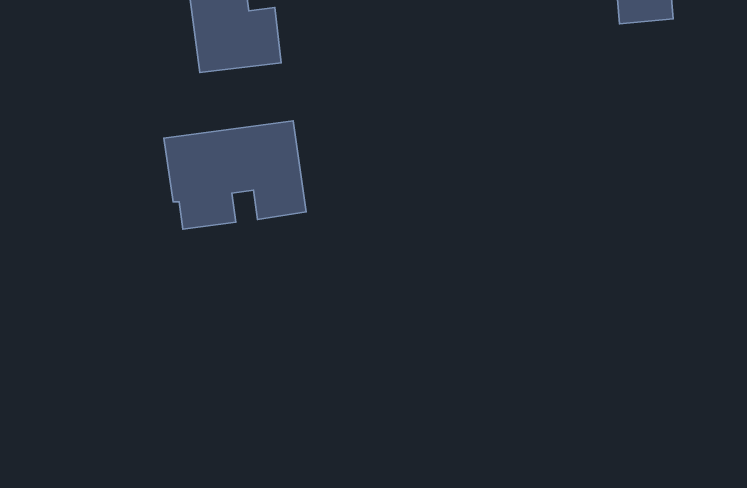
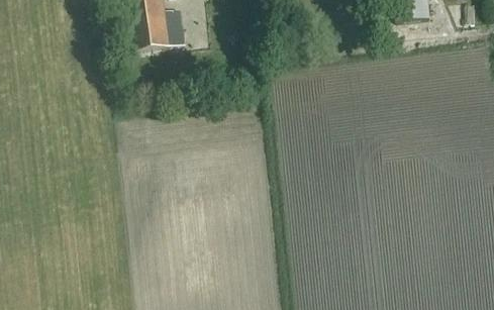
building: [164,121,306,229] -> none

